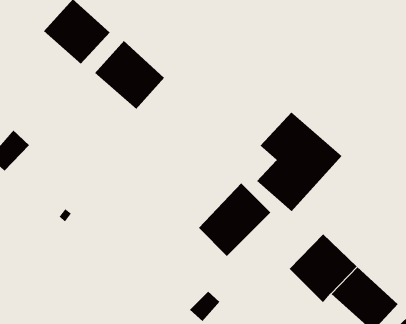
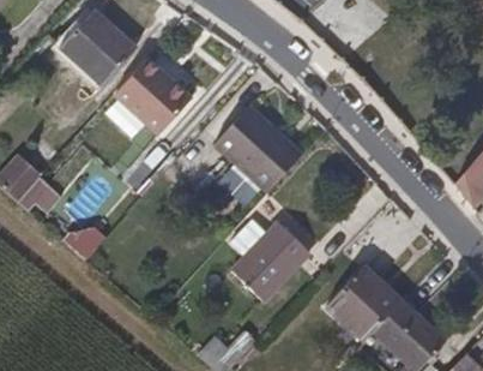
building: [256,112,342,212] -> [209,107,302,216]

